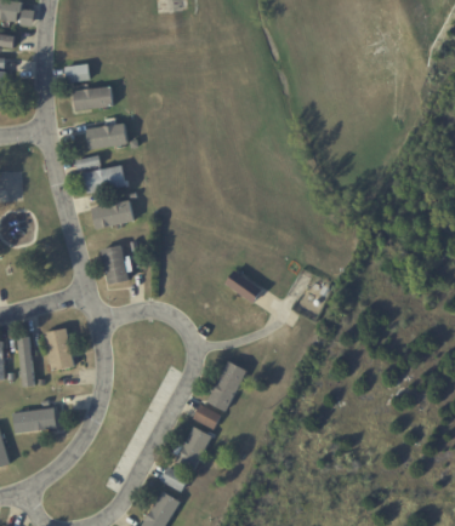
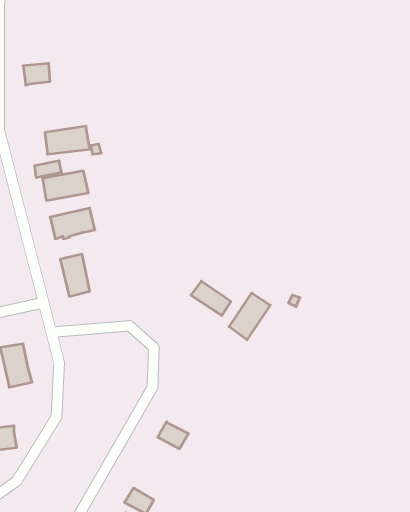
building: [72,86,113,110] -> none
building: none -> [229,293,270,340]
building: [206,359,249,410] -> none
building: [174,424,211,470] -> none

